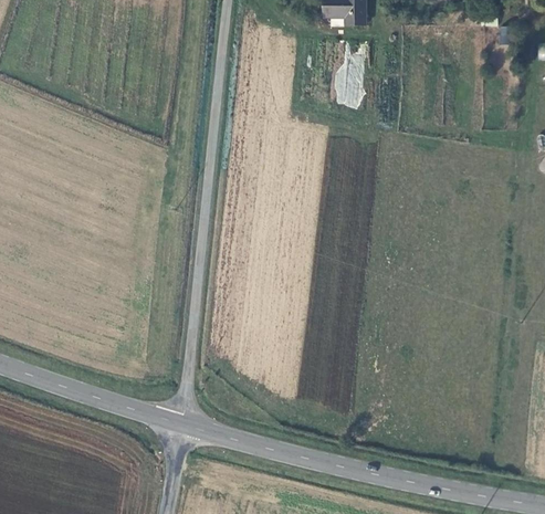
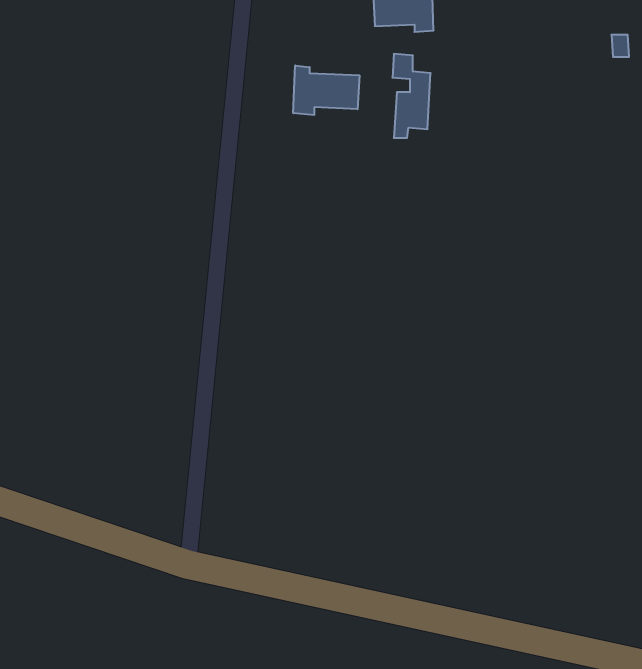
building: none -> [293,65,359,115]

